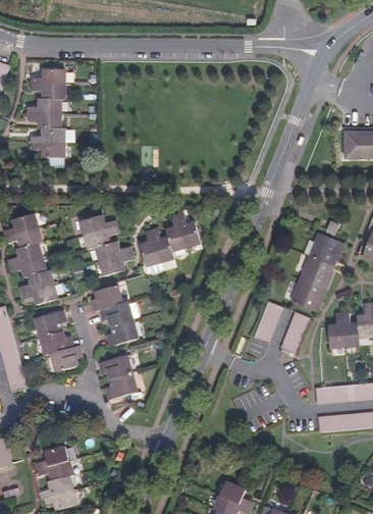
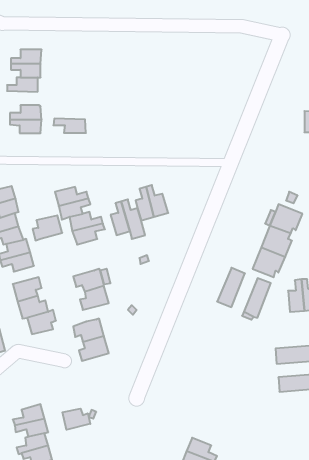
building: [28,113,62,128] -> [53,119,86,133]
building: [90,286,121,312] -> [33,215,62,240]
building: none -> [62,409,90,430]

